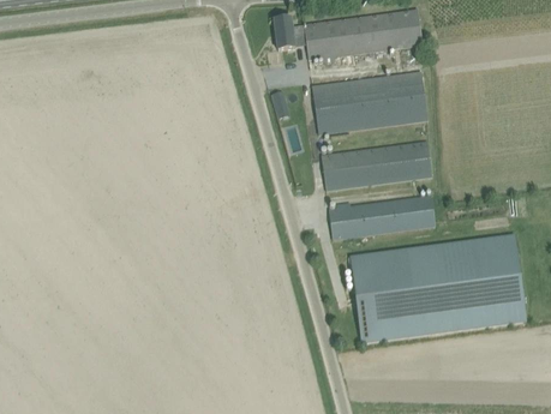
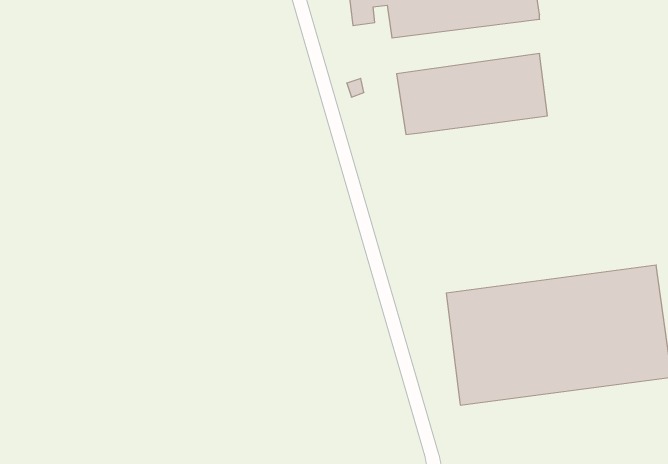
building: [322,140,433,190] -> none
building: [329,194,436,239] -> none

